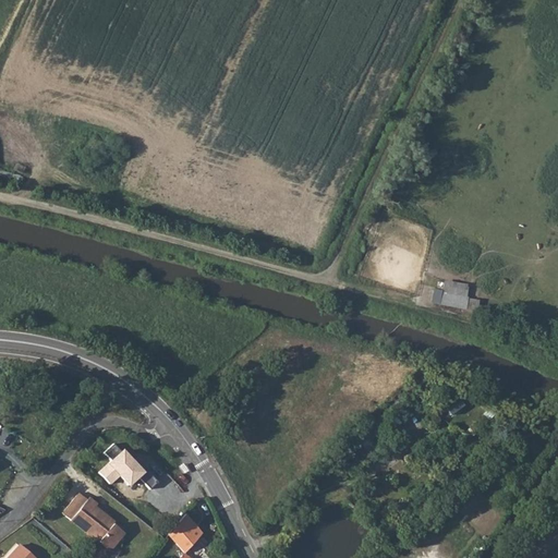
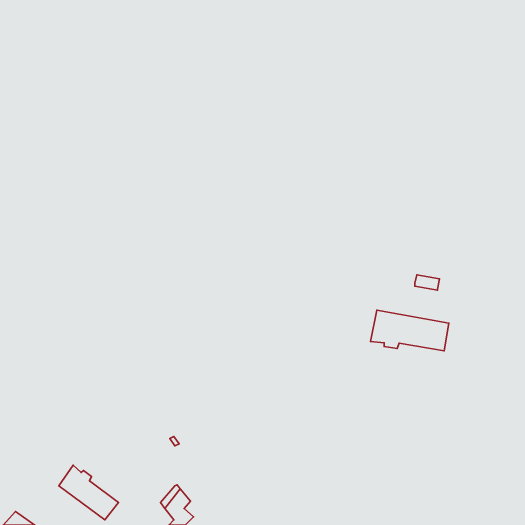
building: none -> [370,310,449,351]
building: [98,448,144,486] -> none

